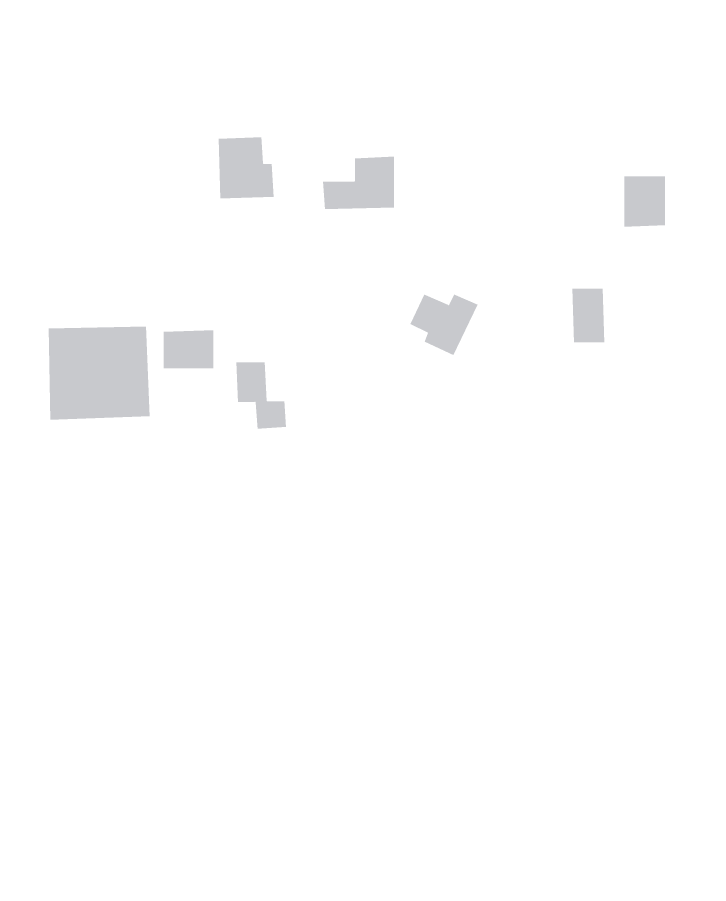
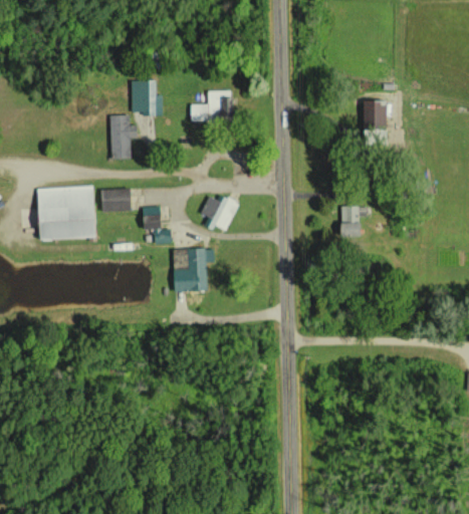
building: none -> [110,115,138,159]
building: [571,288,605,343] -> [340,206,360,237]
building: [410,294,479,356] -> [201,197,240,232]
building: none -> [173,249,214,291]

